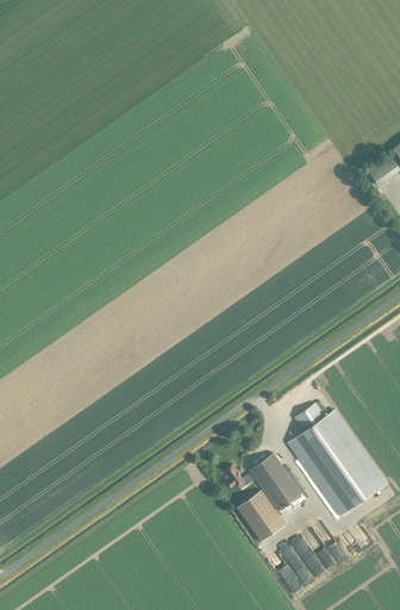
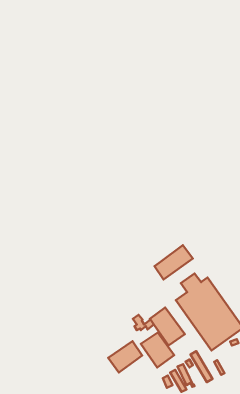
building: none -> [154,245,193,279]
building: none -> [108,341,142,372]

